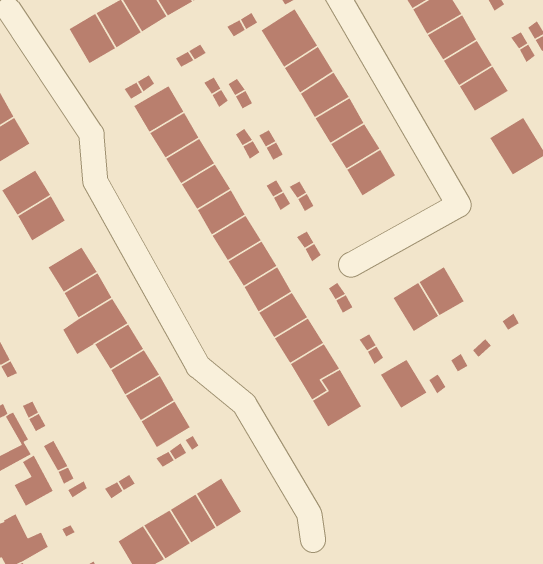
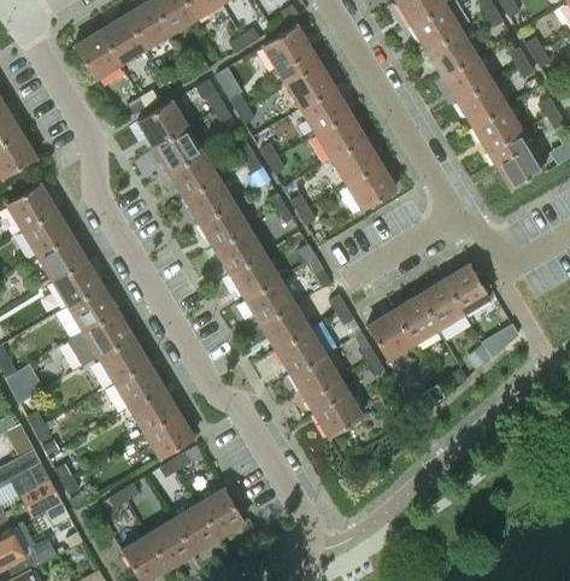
building: none -> [474,107,522,153]
building: none -> [37,235,87,281]
building: none -> [443,264,489,315]
building: [380,359,428,409] -> [366,311,413,360]

